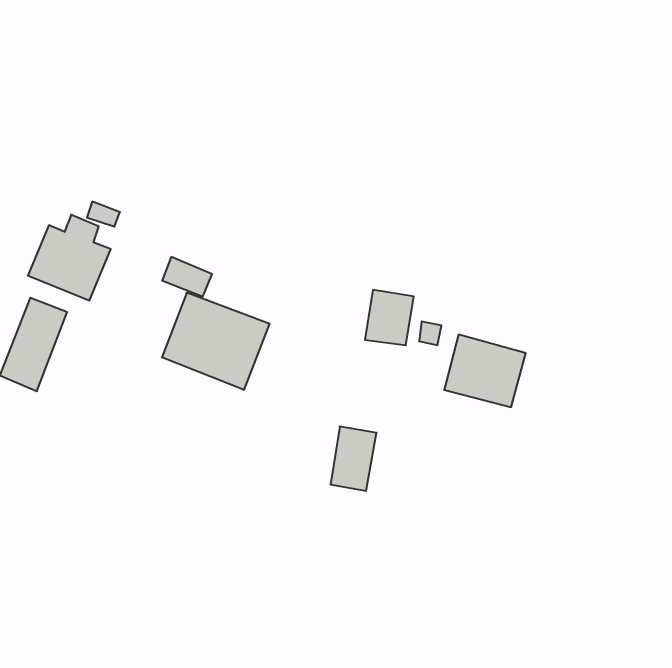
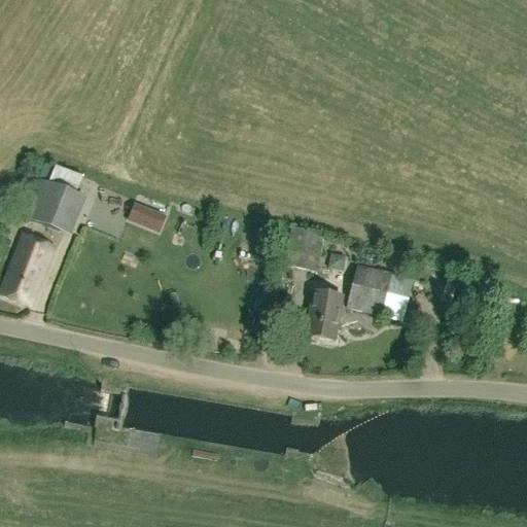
building: [162,292,270,390] -> none
building: [330,426,377,491] -> [307,289,343,340]

